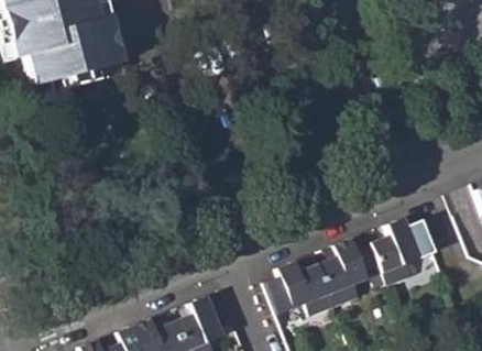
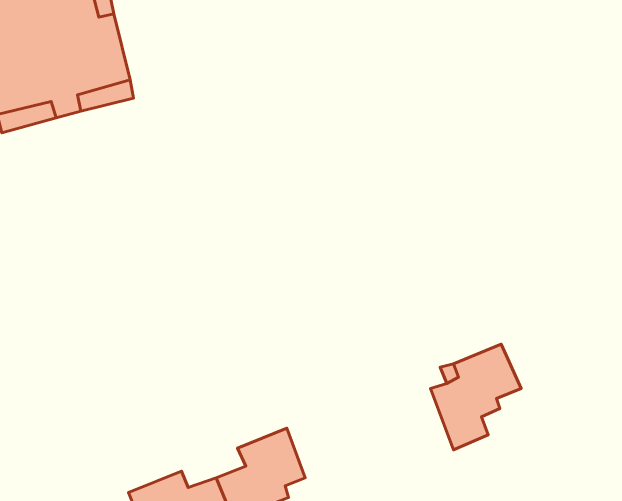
building: [373,218,437,283] -> none
building: [267,260,337,311] -> none

